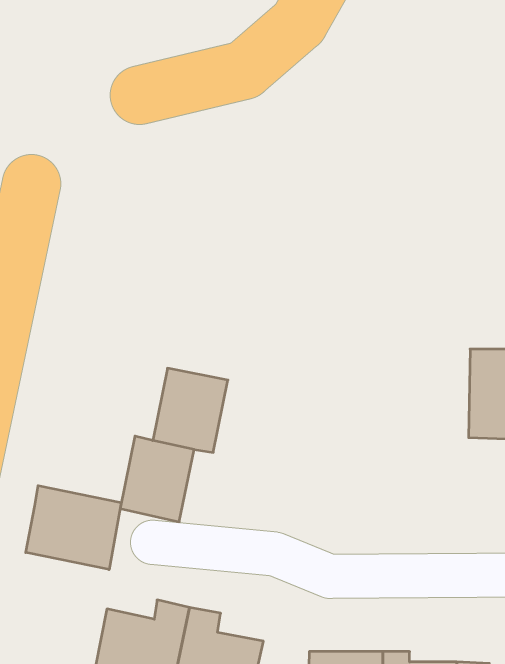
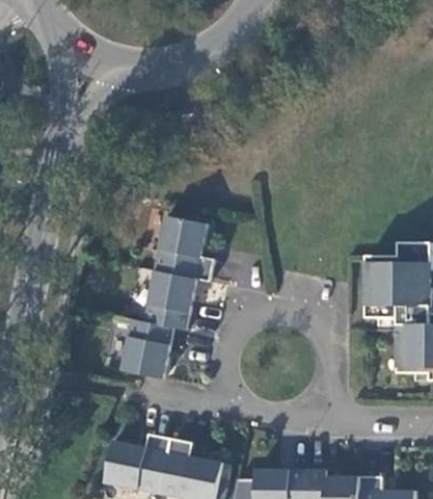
building: none -> [154,215,214,282]
building: [26,486,121,570] -> none

